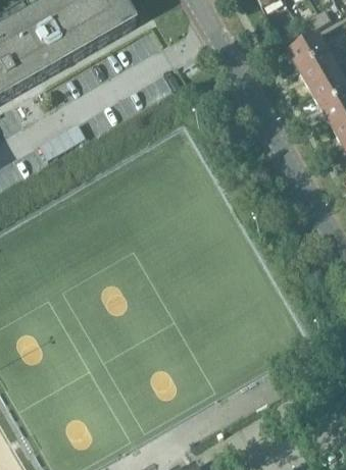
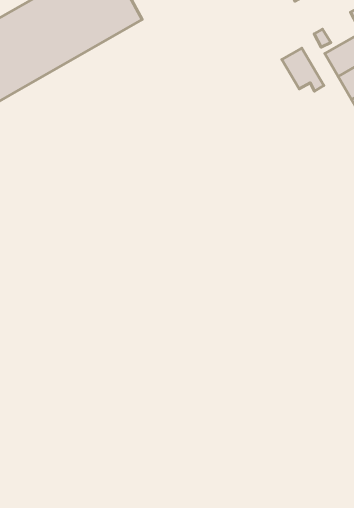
building: none -> [282,48,324,91]

